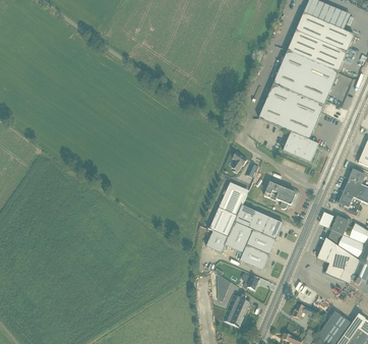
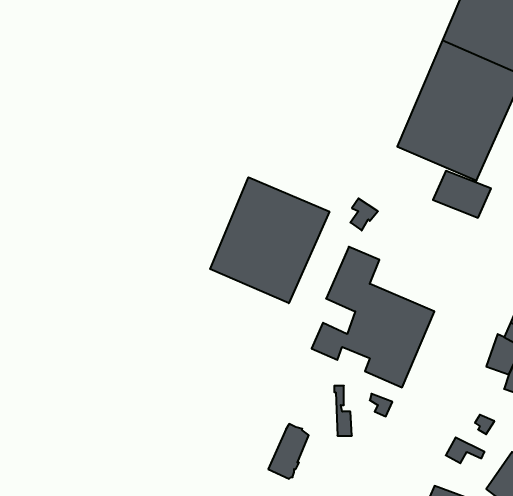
building: none -> [210,177,329,303]
building: [262,179,298,208] -> none
building: [223,292,248,327] -> [268,424,309,479]

